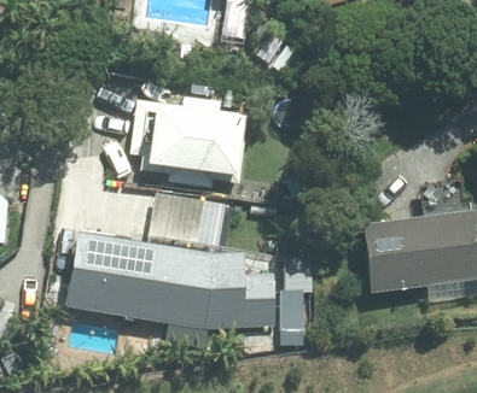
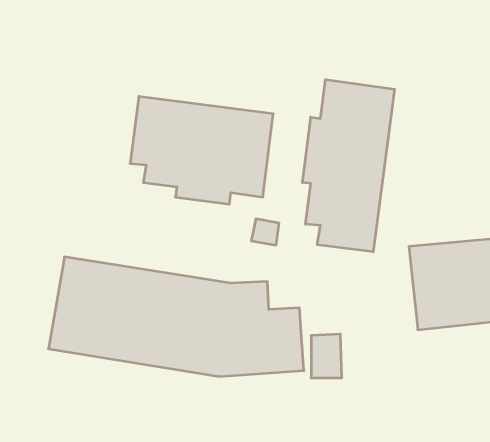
building: none -> [302,80,395,252]

